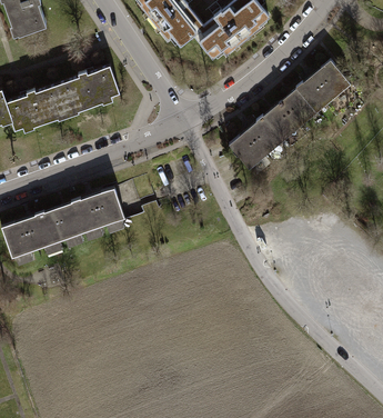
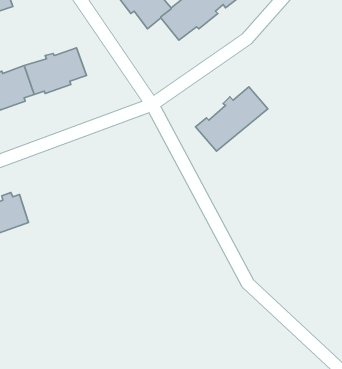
building: [281,60,351,127] -> none
building: [52,187,125,240] -> none

